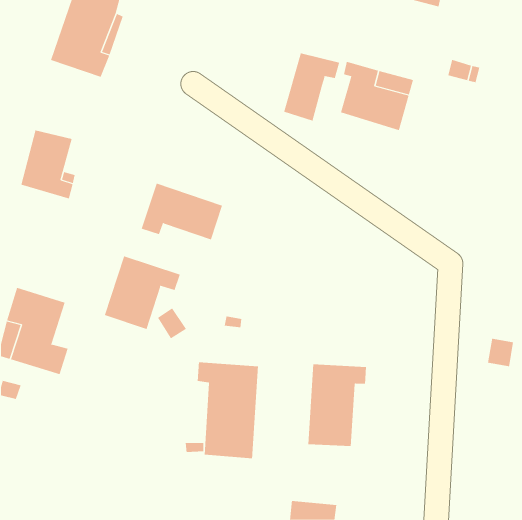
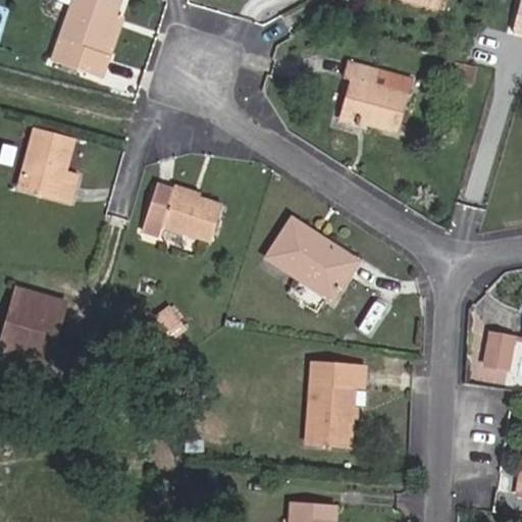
building: [283,53,340,121] -> none
building: none -> [267,221,358,298]
building: [104,255,180,330] -> none
building: [197,362,258,459] -> none

